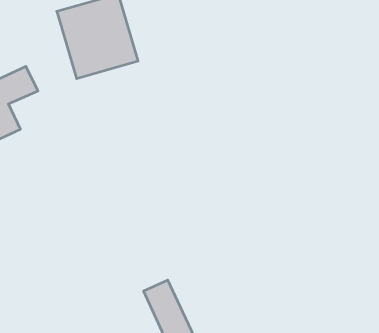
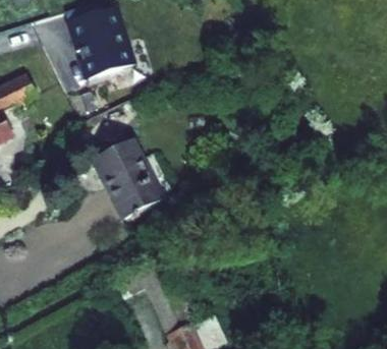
building: none -> [95,141,162,219]

